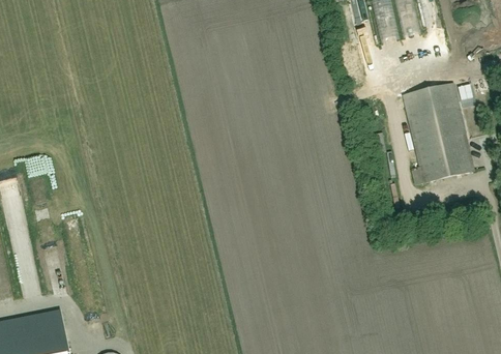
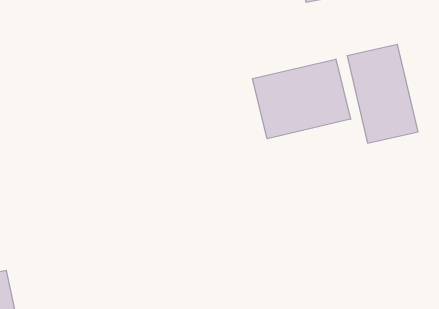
building: none -> [252,59,351,139]

